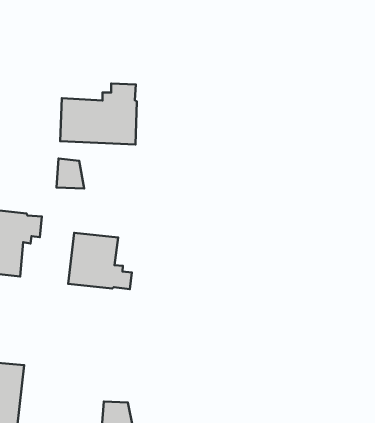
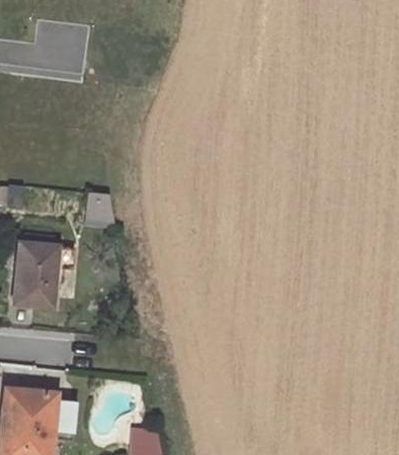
building: [60,83,137,144] -> none
building: [68,233,132,289] -> none

